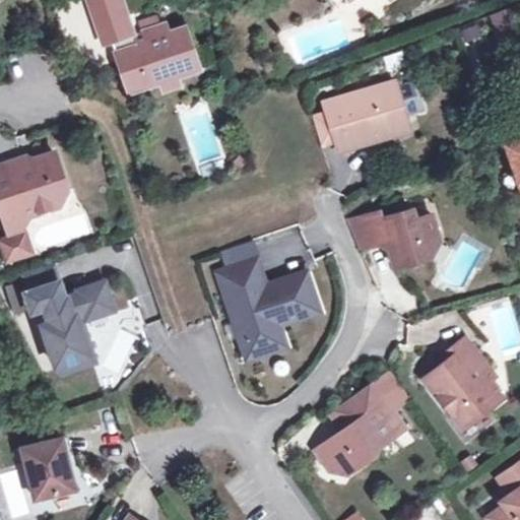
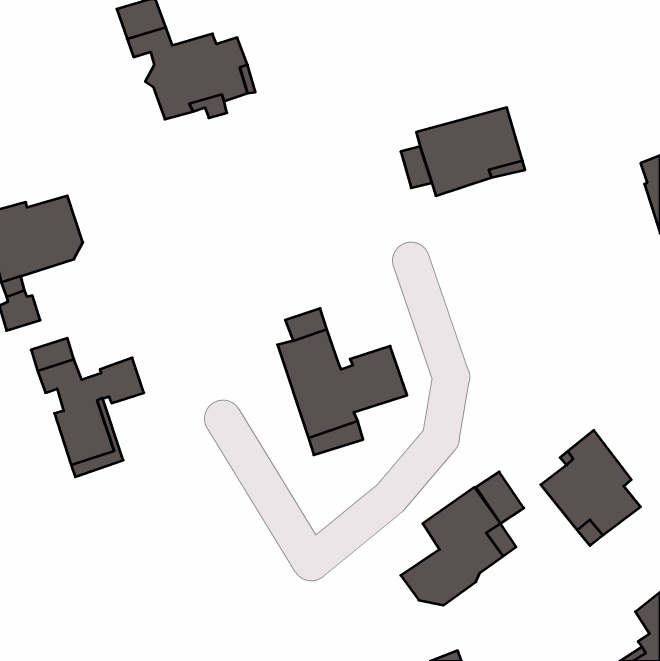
building: [349,211,440,269] -> none
building: [22,437,75,497] -> none

